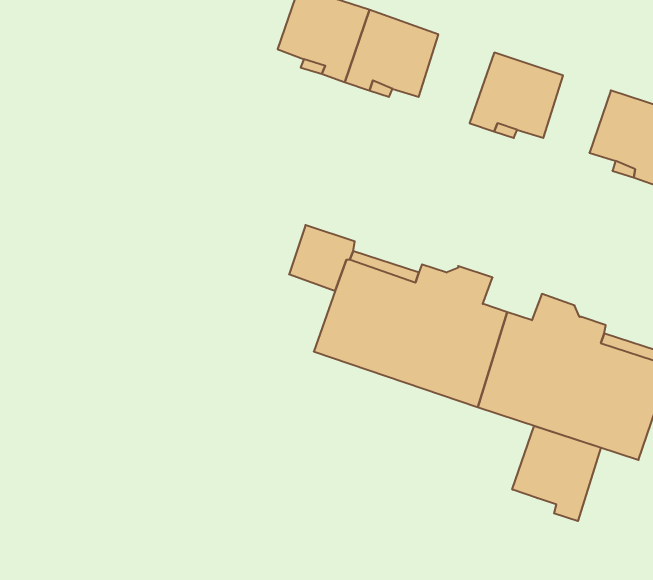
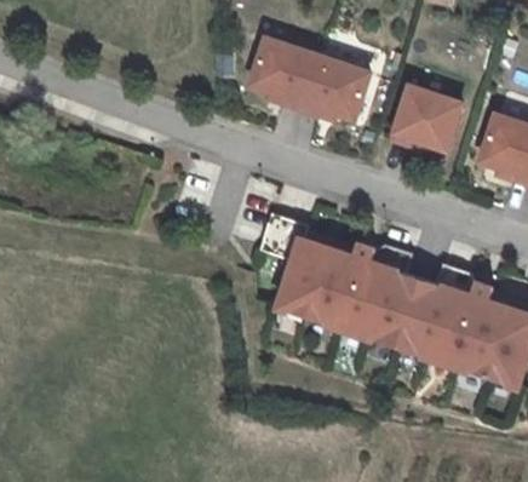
building: [512,426,601,521] -> none

